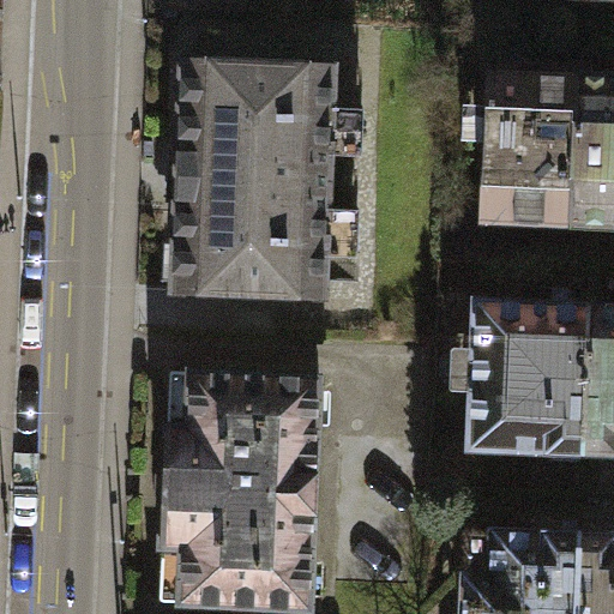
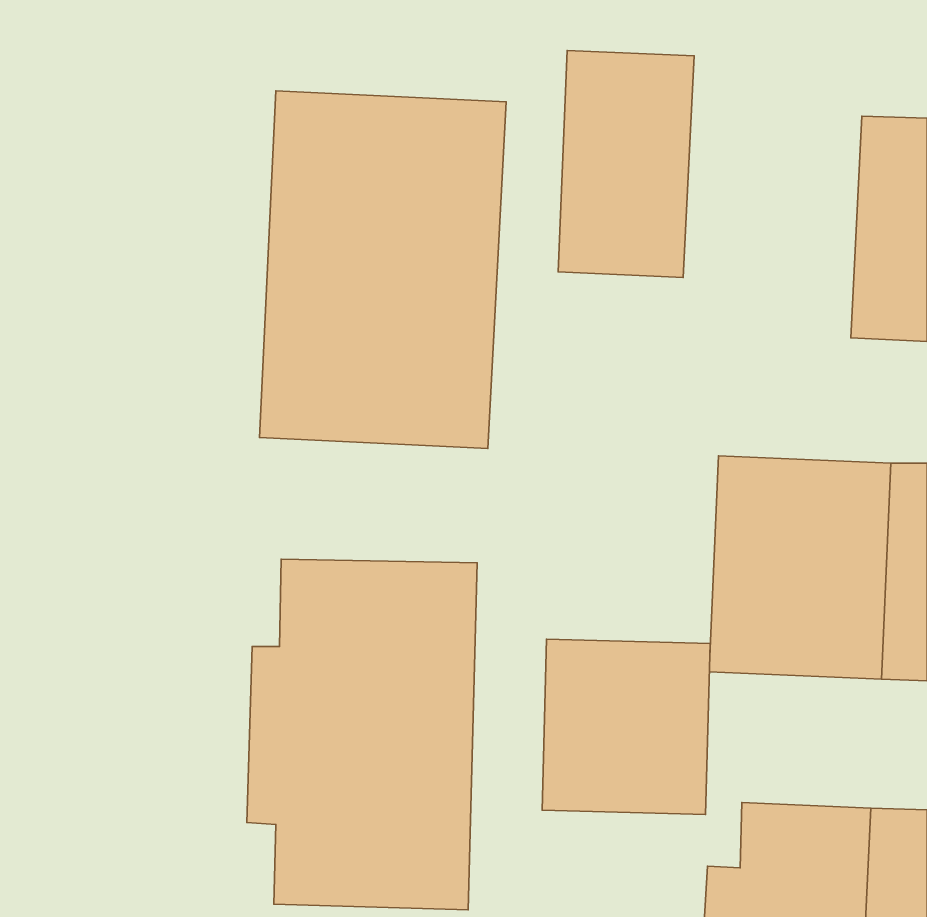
building: [480,80,570,230] -> [558,50,694,277]
building: none -> [542,639,710,815]

